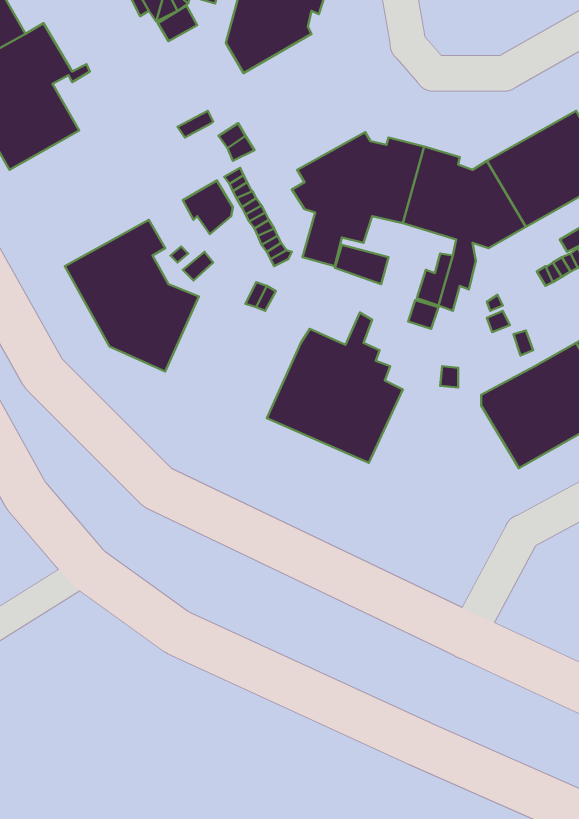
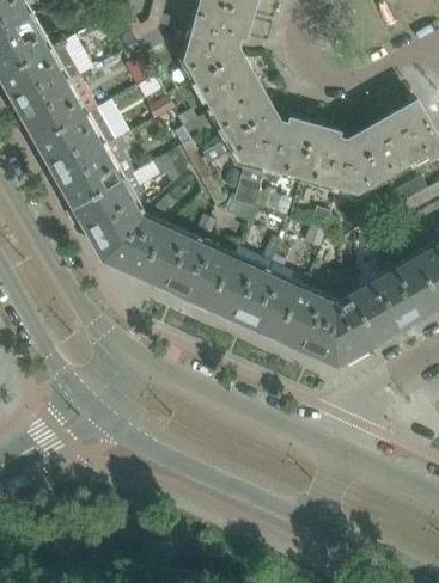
building: none -> [194,50,275,141]
building: none -> [37,109,134,205]
building: none -> [141,226,232,307]
building: none -> [278,288,378,364]

